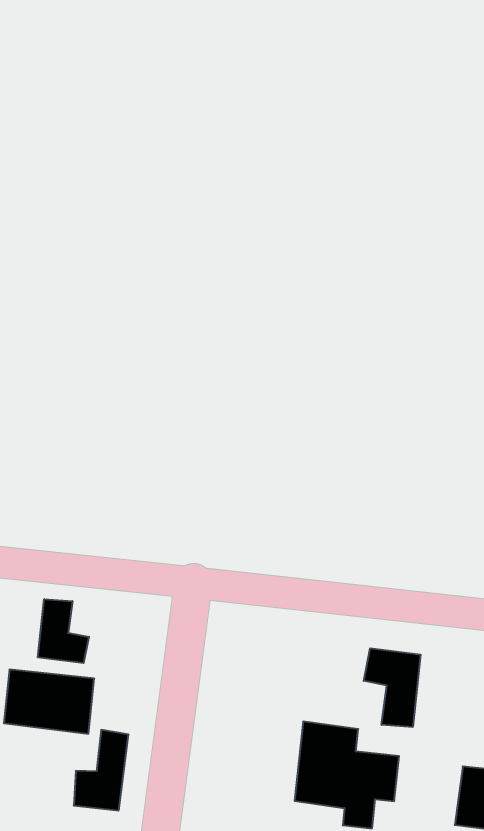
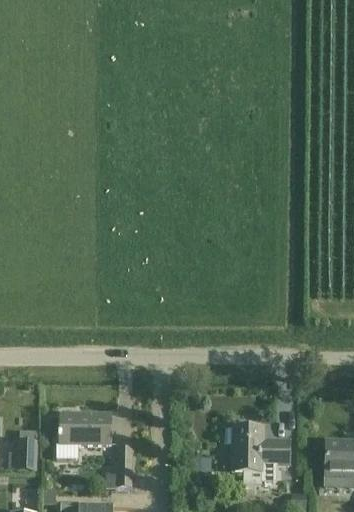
building: [38,599,89,663] -> none
building: [364,648,421,727] -> none

